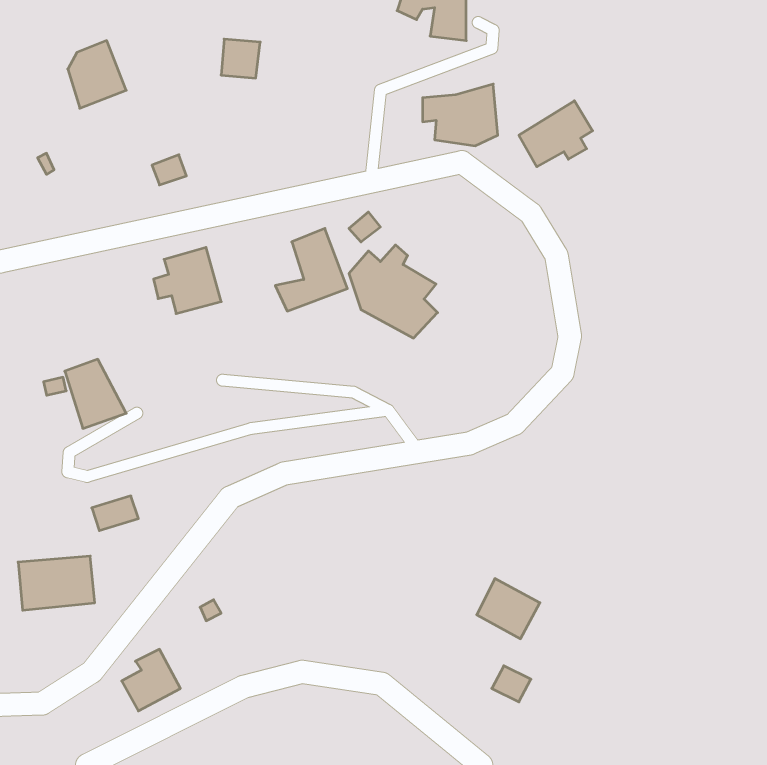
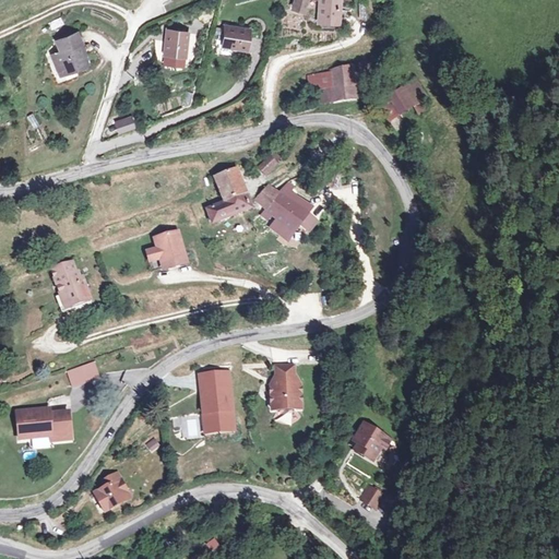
building: none -> [219,21,254,52]
building: [154,247,221,314] -> [143,227,192,275]
building: none -> [266,360,304,416]
building: none -> [200,371,237,433]

